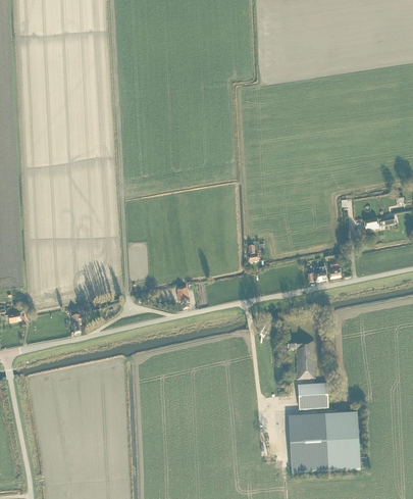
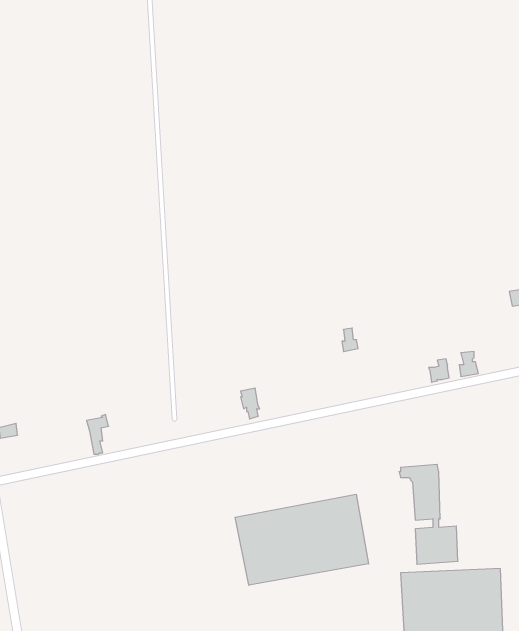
building: none -> [235,494,368,585]

